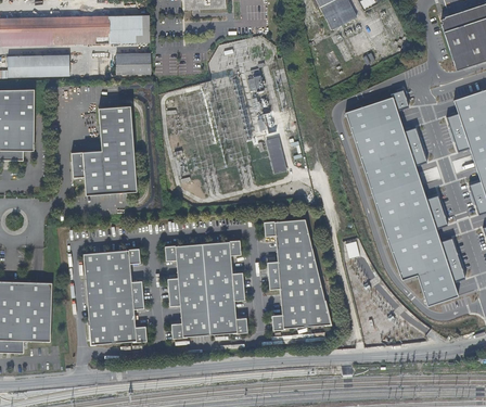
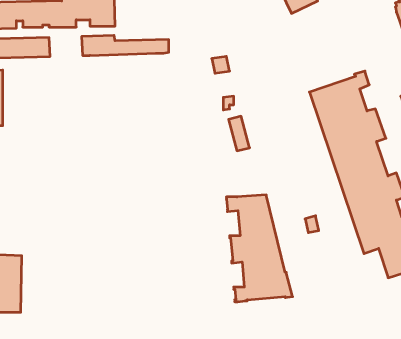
building: [69,106,133,192] -> none
building: [165,239,247,338] -> none
building: [84,247,148,344] -> none

